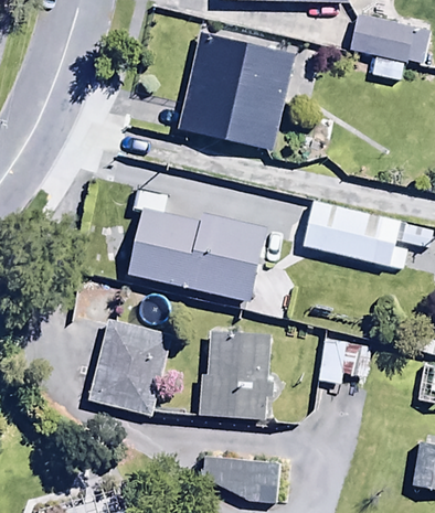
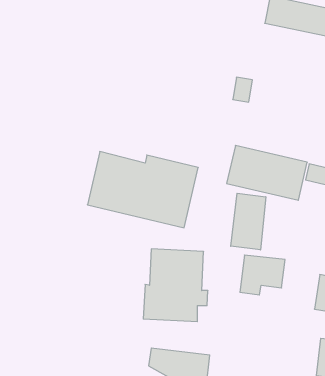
building: [177,31,298,150] -> none
building: none -> [231,193,266,250]
building: [87,320,173,416] -> none

